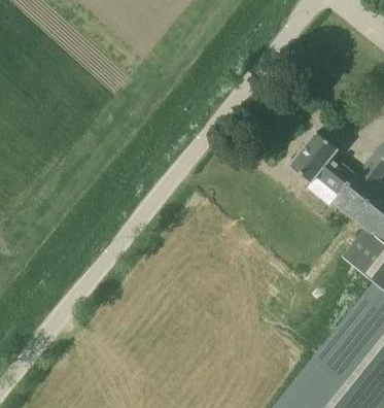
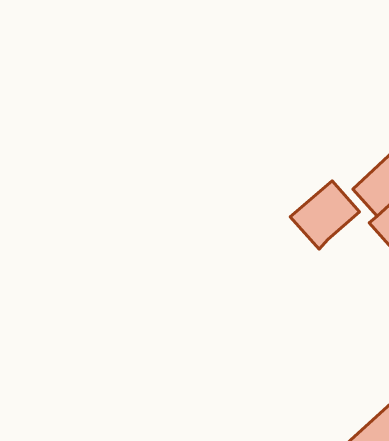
building: none -> [290,181,360,249]

